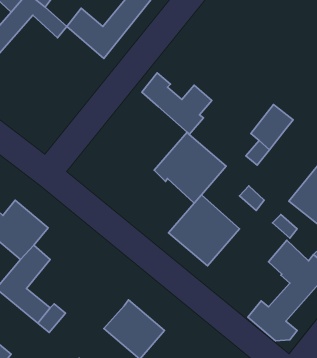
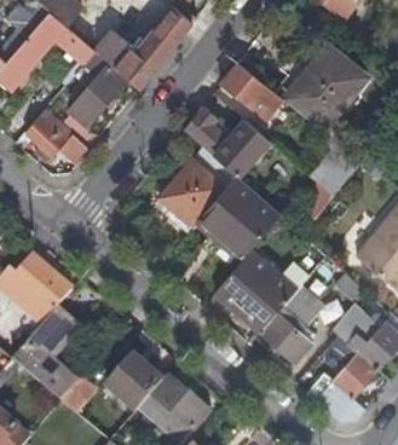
building: none -> [287,42,365,129]
building: none -> [25,52,126,161]
building: none -> [220,60,283,119]
building: none -> [154,144,236,230]
building: none -> [260,283,324,362]
building: none -> [105,352,162,409]

